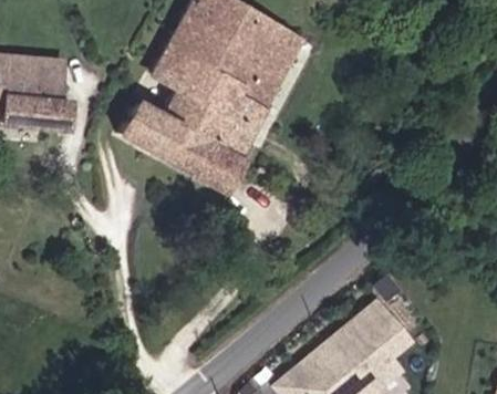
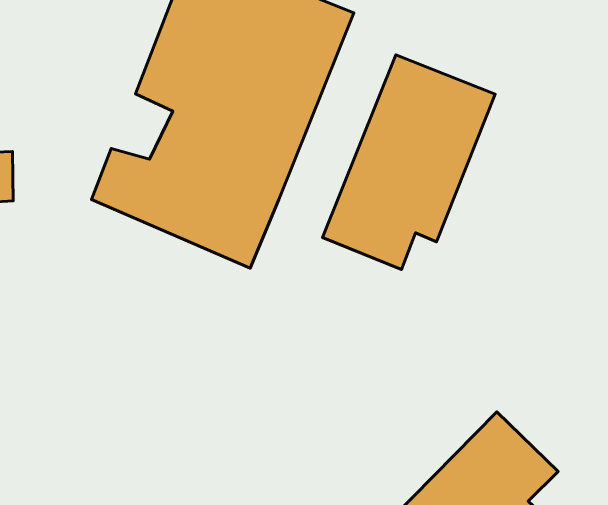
building: none -> [323,55,495,270]

